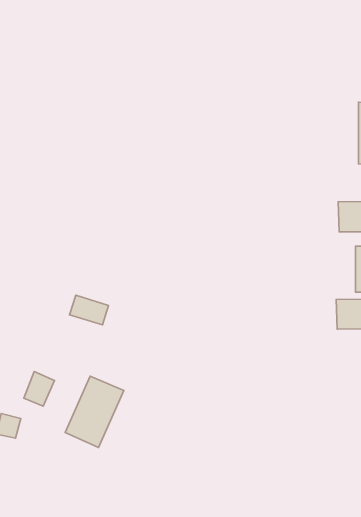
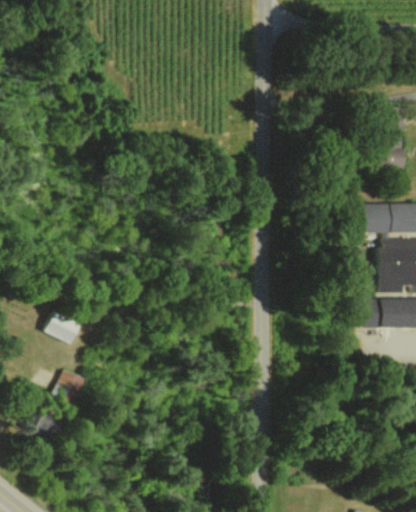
building: [70,295,109,325] -> [46,314,84,343]
building: [65,376,124,448] -> none

